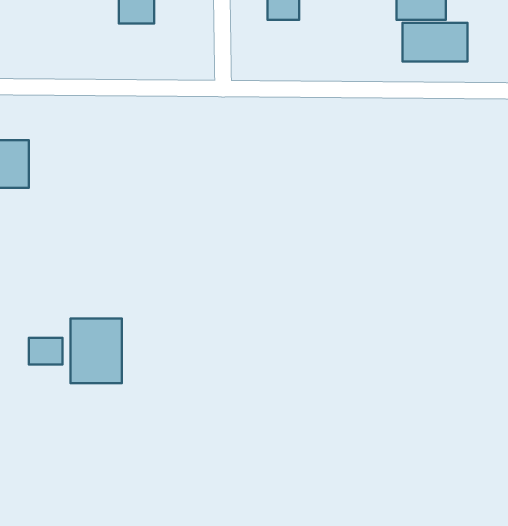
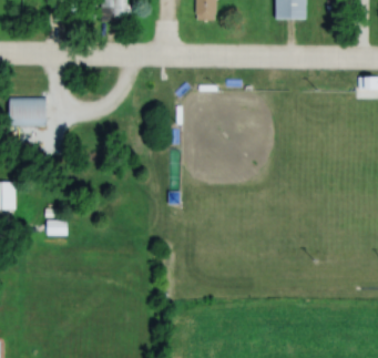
building: [402,23,468,62] -> none
building: [71,318,122,383] -> none

